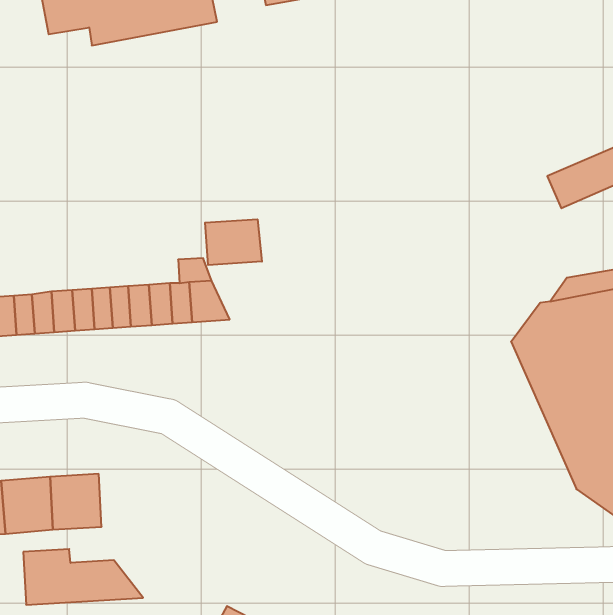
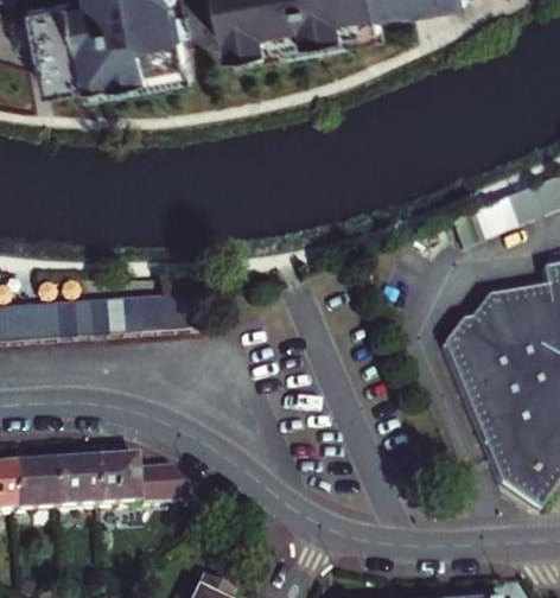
building: [205,219,262,265] -> none
building: [23,549,143,605] -> [94,453,196,501]

